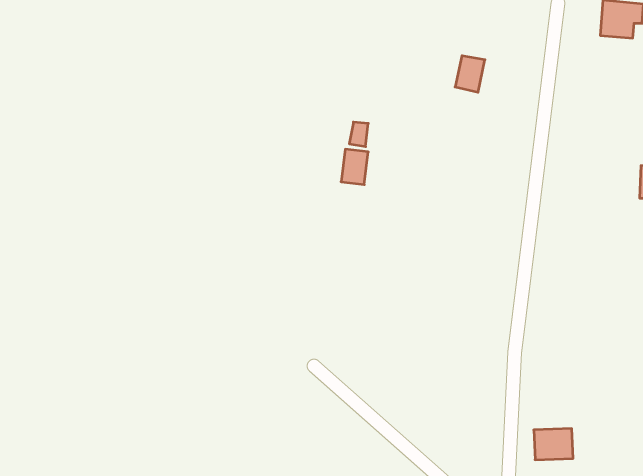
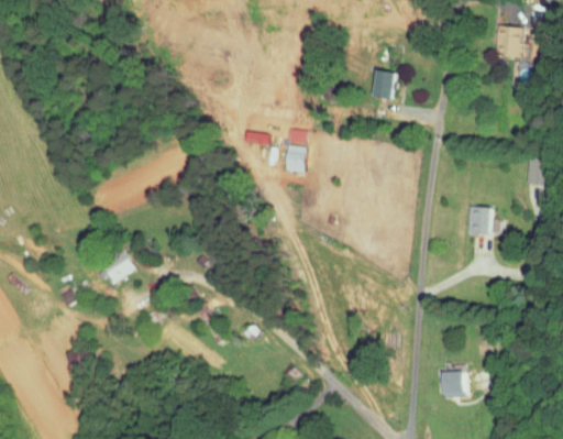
building: none -> [468,207,500,234]
building: none -> [97,254,134,285]

